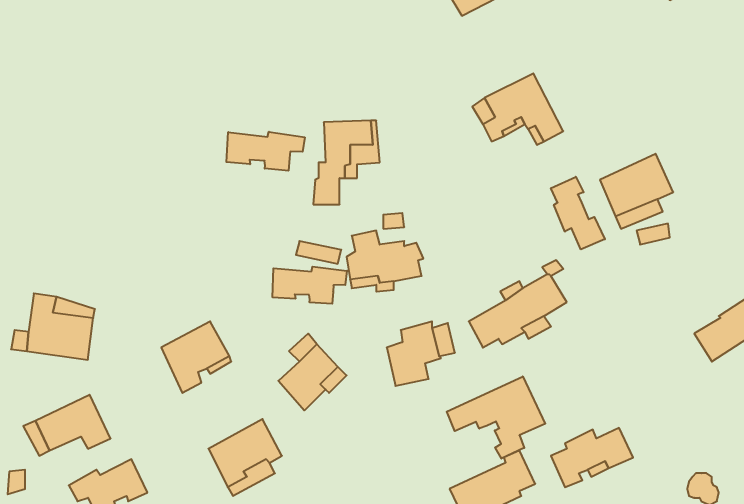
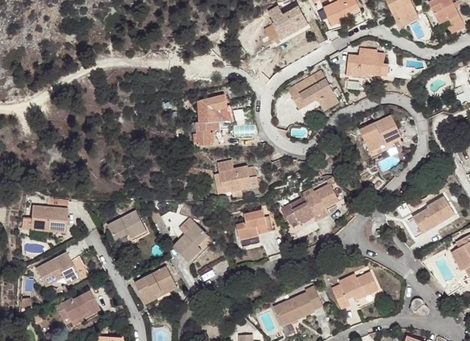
building: none -> [344,47,387,76]
building: [226,132,305,171] -> none
building: [551,177,605,249] -> none
building: [273,267,347,304] -> none
building: [447,376,545,459] -> none

